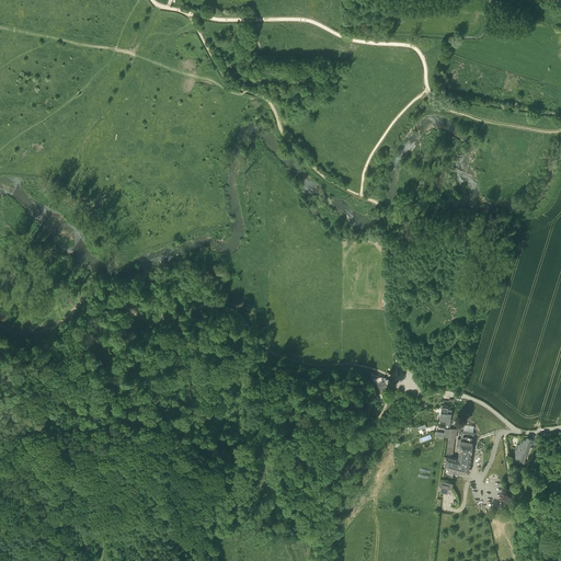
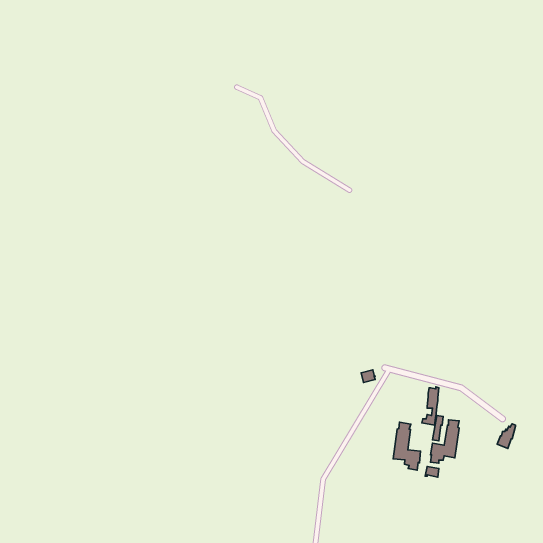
building: none -> [393,422,421,470]

